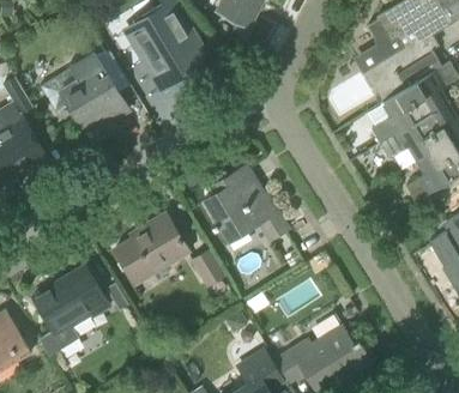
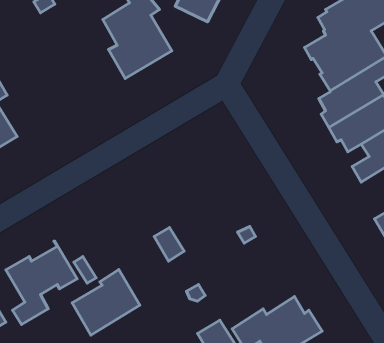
building: [40,56,129,125] -> none
building: [205,168,288,243] -> none
building: [115,212,188,283] -> [72,270,140,335]

